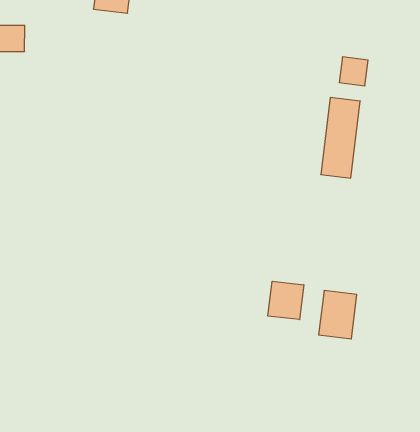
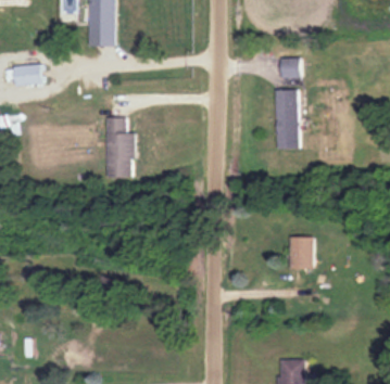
building: none -> [106,117,134,177]
building: [268,281,304,320] -> none

